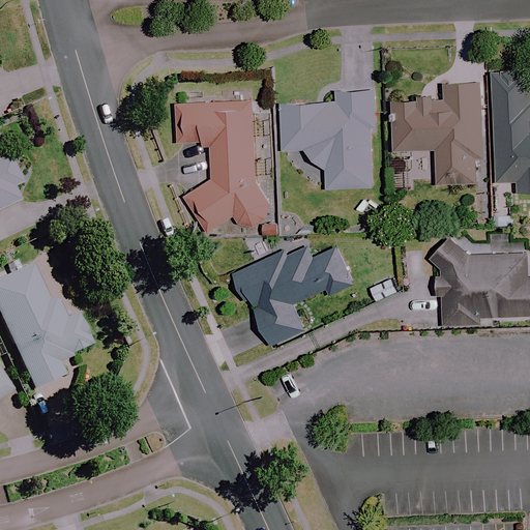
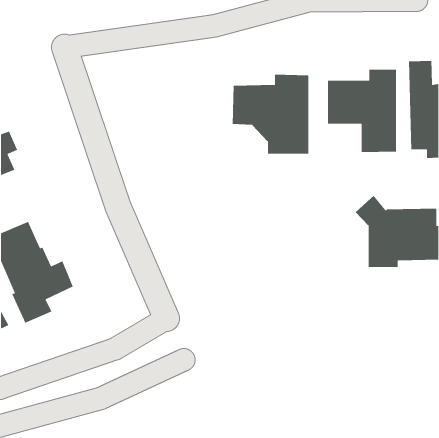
building: [181,101,275,232] -> none
building: [231,246,353,347] -> none

